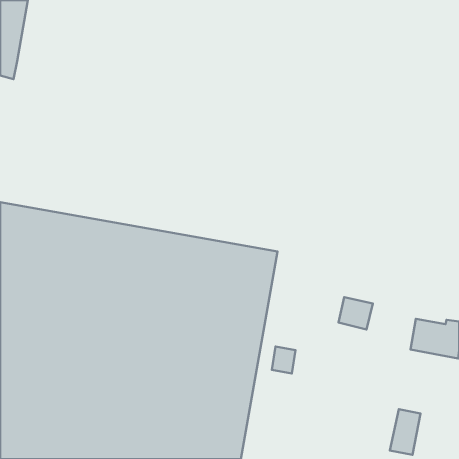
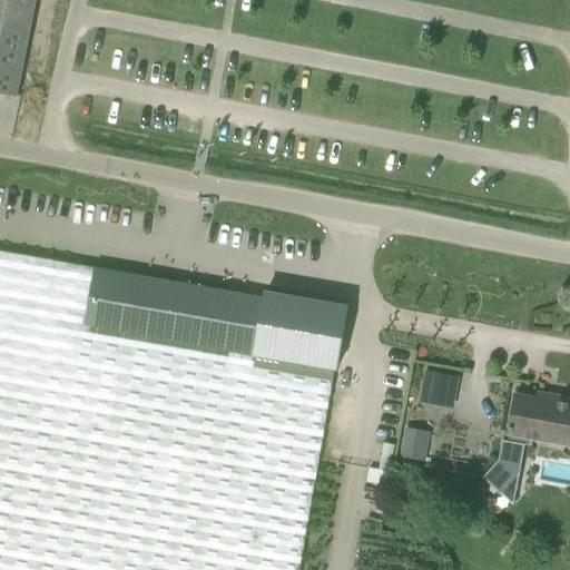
building: [272,346,295,373] -> [400,429,429,462]
building: [390,409,420,455] -> [490,438,528,494]

